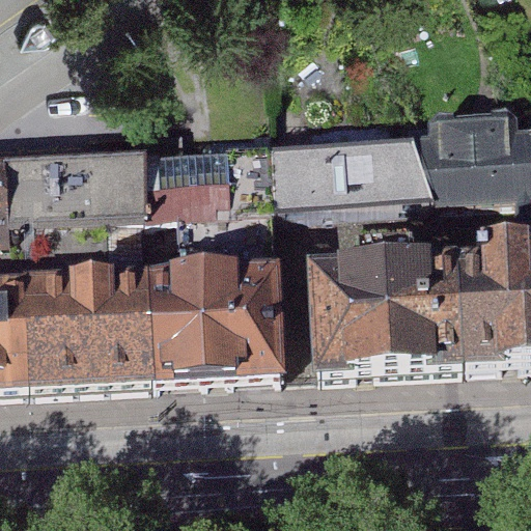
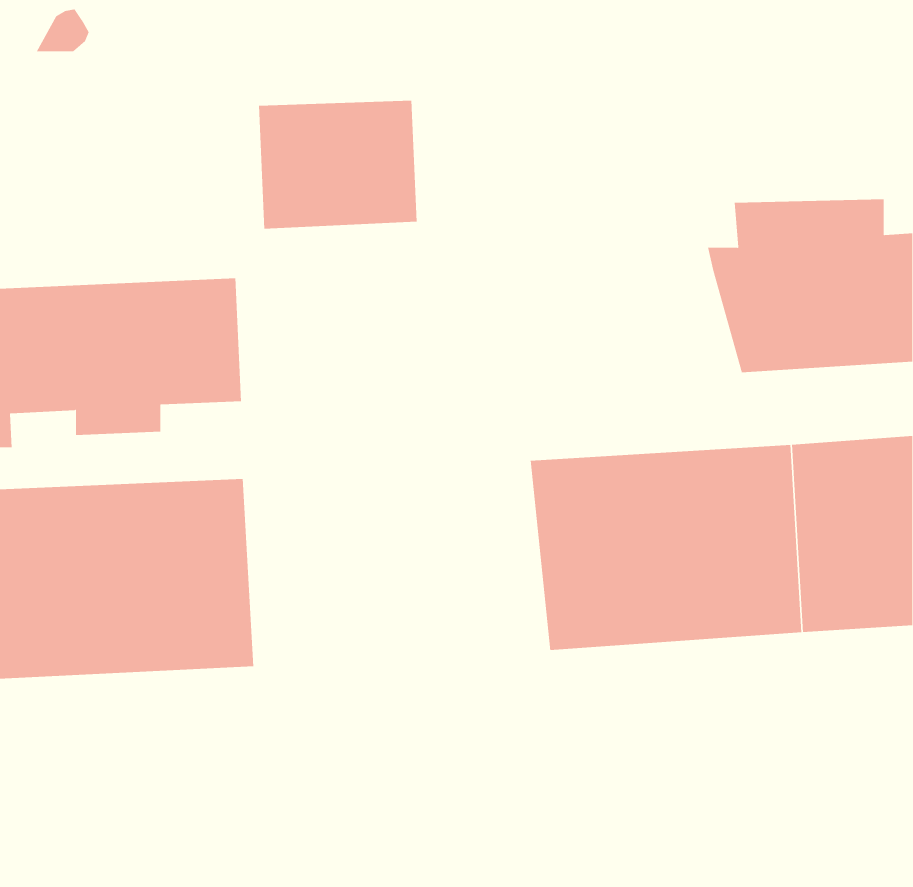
building: [283,157,429,224] -> none
building: [137,158,229,232] -> [258,100,418,229]
building: [141,270,284,386] -> none

